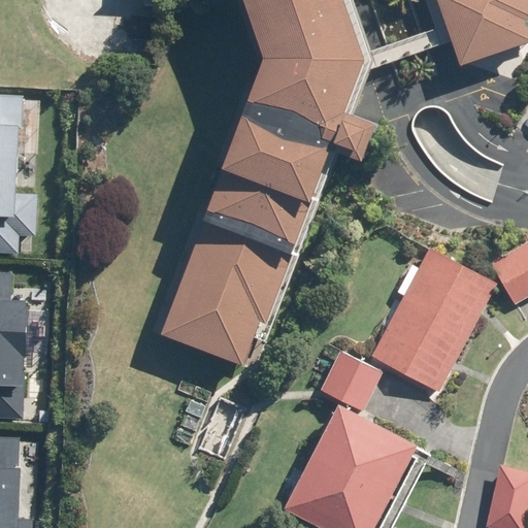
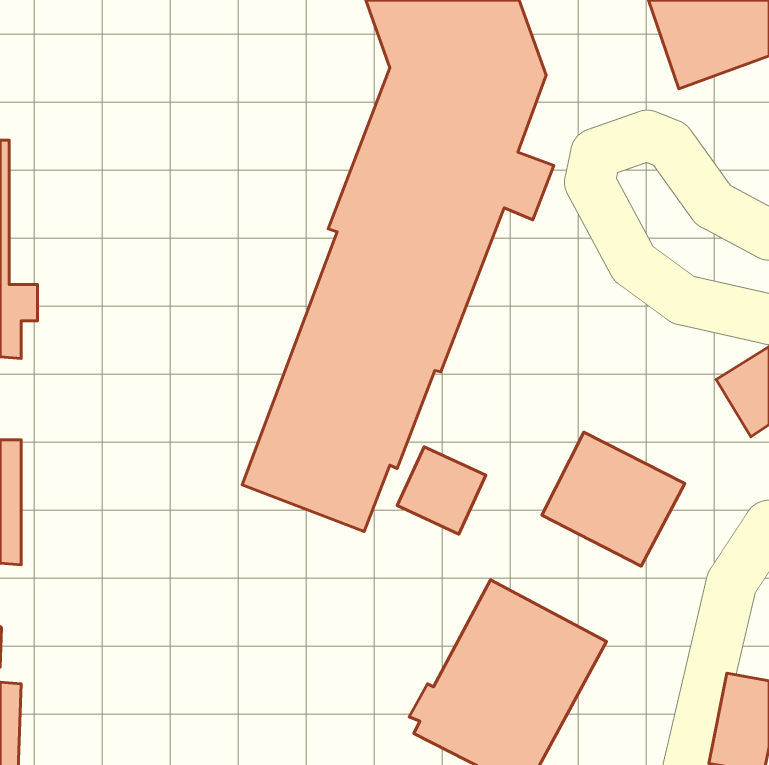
building: [400,248,496,334] -> none
building: [321,351,382,410] -> [397,447,486,534]

